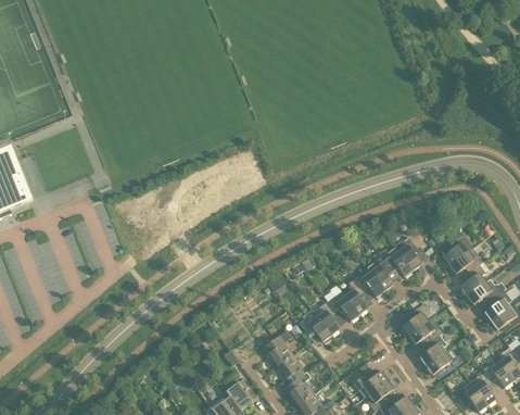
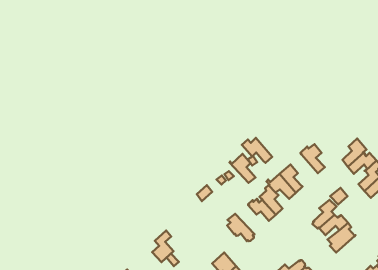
building: [377,247,411,277] -> [242,138,272,163]
building: [309,301,339,336] -> [229,154,256,183]
building: [267,329,292,366] -> [152,231,173,262]
building: [424,348,461,375] -> none

